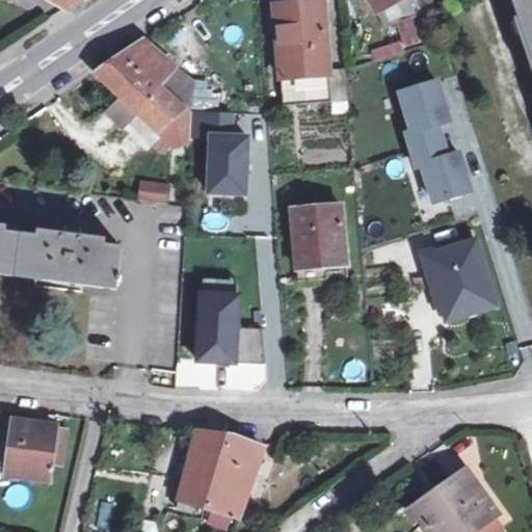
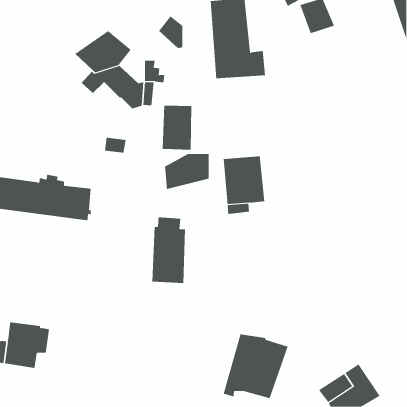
building: [155,64,187,107] -> [158,15,183,48]
building: [399,80,474,206] -> none
building: none -> [164,153,209,190]
building: [428,238,494,317] -> none
building: [174,428,259,512] -> [223,334,289,399]

